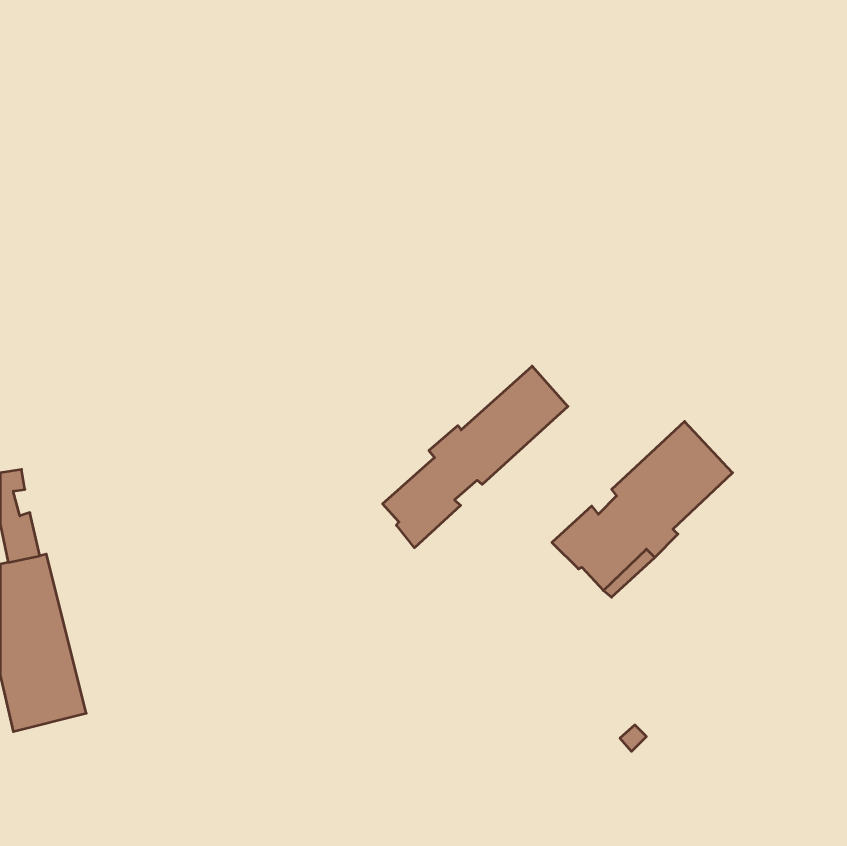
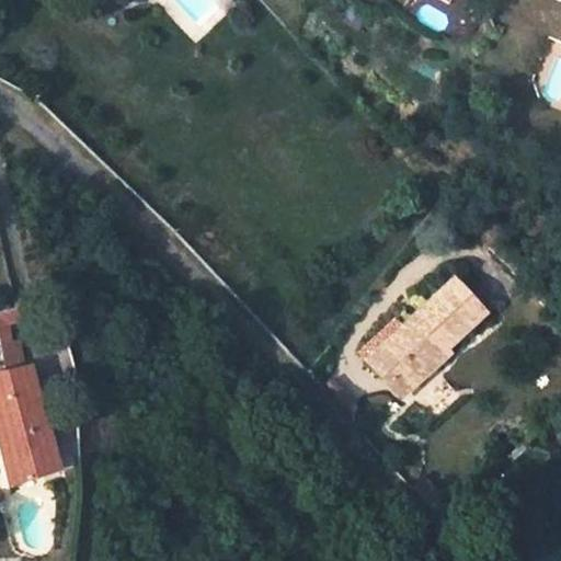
building: [383,366,568,548] -> none

